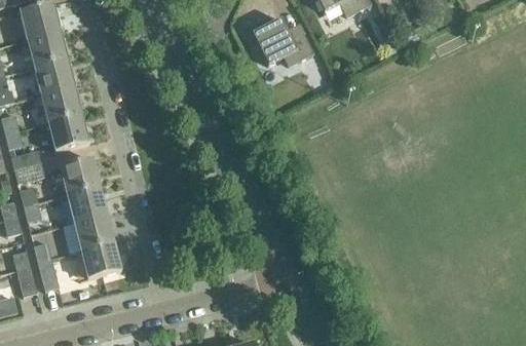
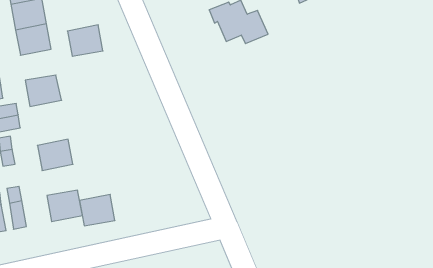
building: [39,86,80,123] -> [67,25,103,56]
building: [58,159,99,195] -> none
building: [72,214,113,251] -> [80,194,115,226]

